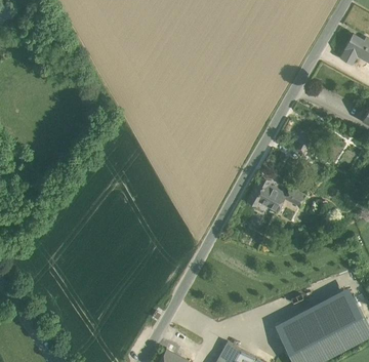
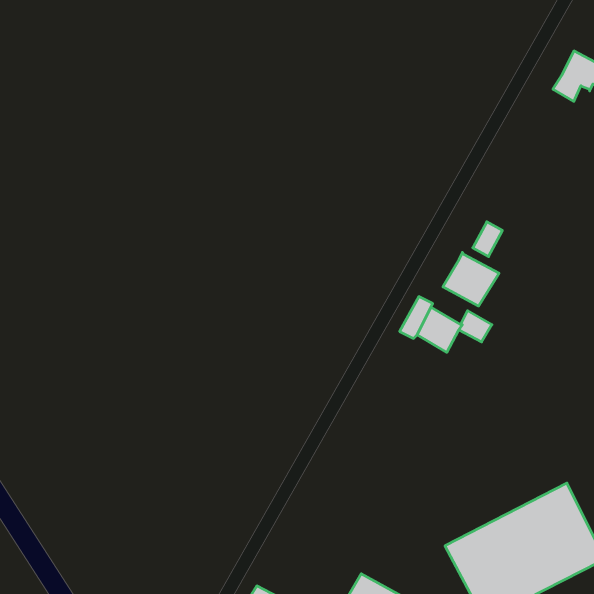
building: none -> [443,252,499,306]

